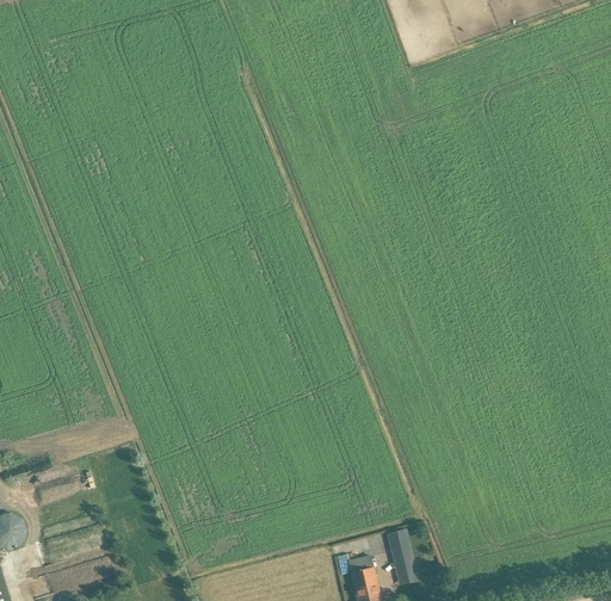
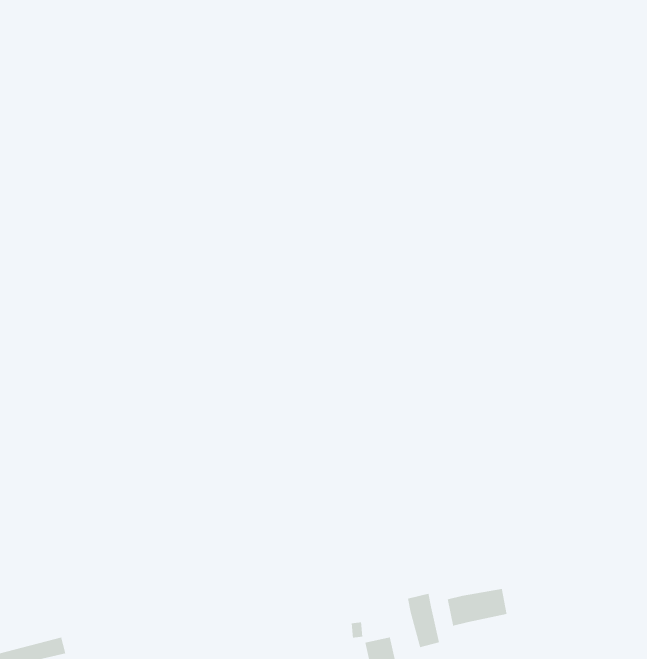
building: none -> [447,588,507,627]

